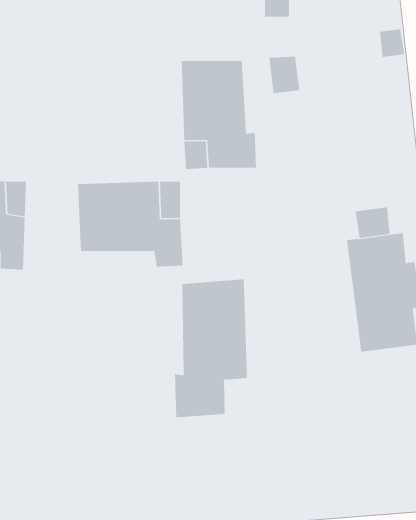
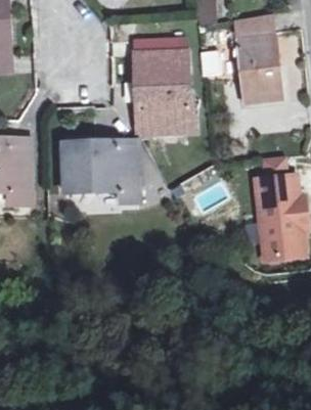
building: none -> [236,19,281,101]
building: [175,278,248,418] -> none

